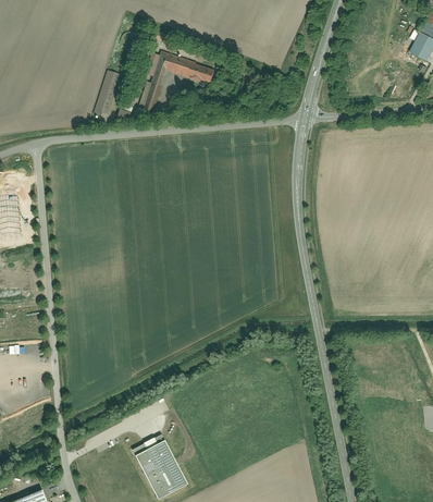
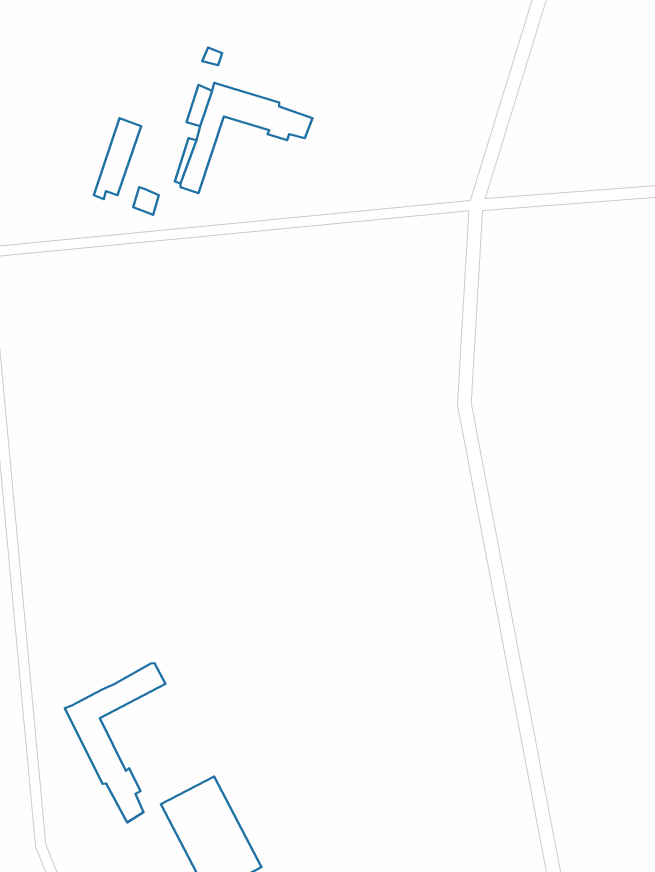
building: none -> [65,663,165,822]

